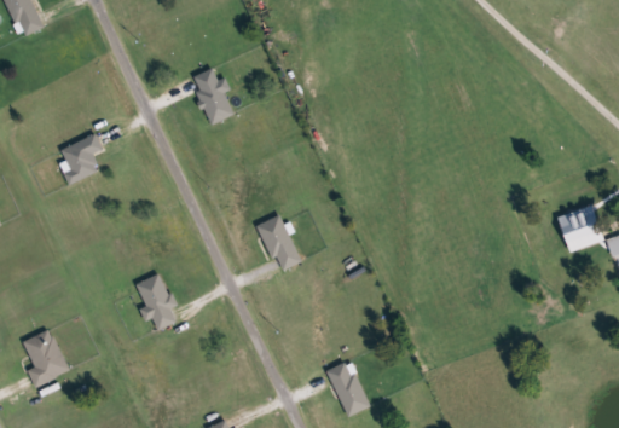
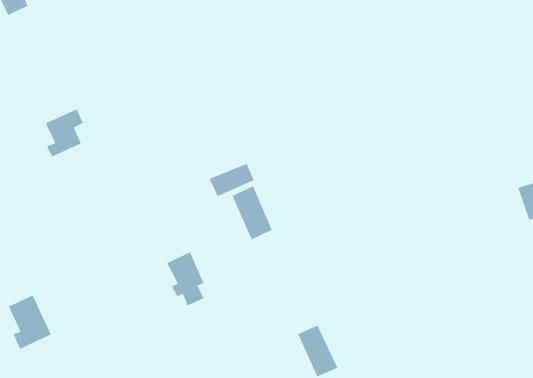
building: [189,68,232,125] -> none
building: none -> [209,163,255,197]
building: [134,272,174,330] -> [166,251,204,306]

